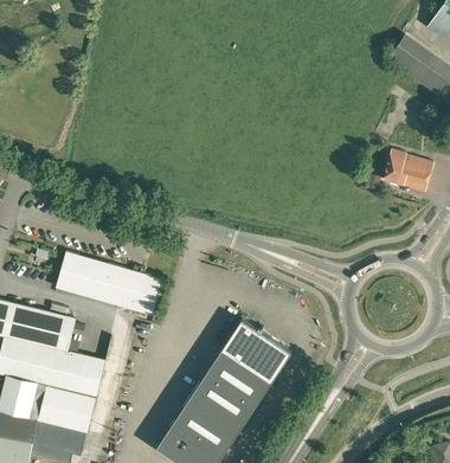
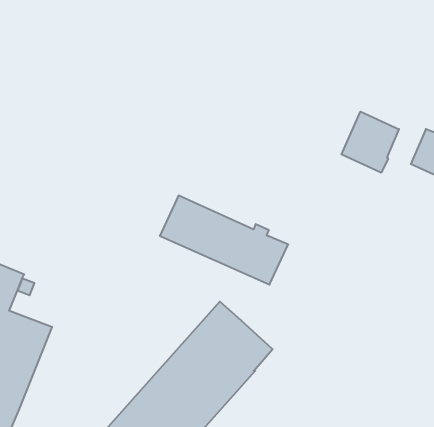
building: none -> [341,112,399,173]
building: [54,252,162,315] -> [160,196,288,285]

